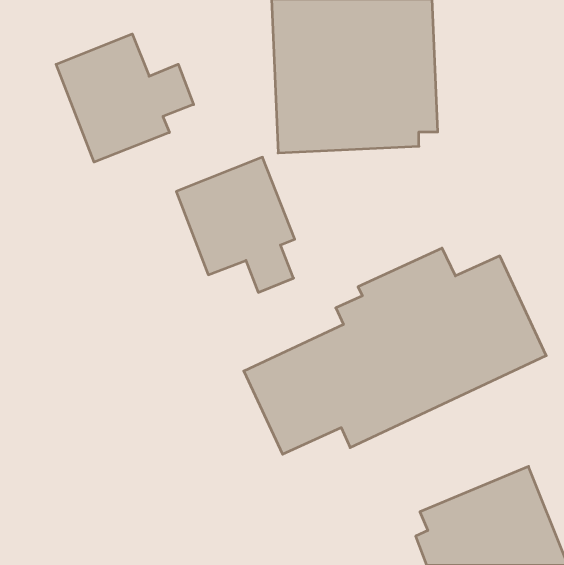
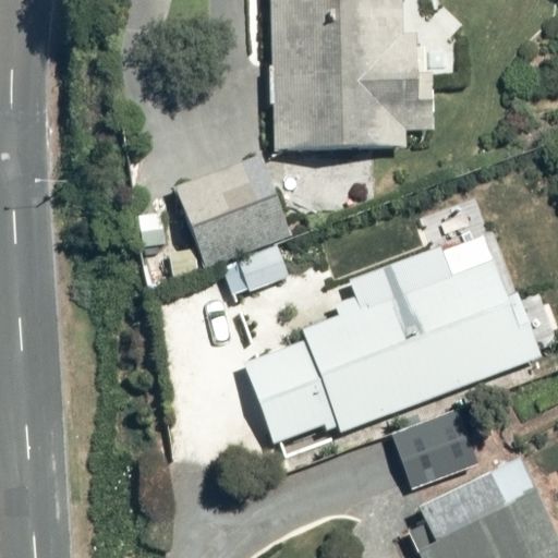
building: [56,34,194,162] -> none
building: none -> [395,410,481,485]

